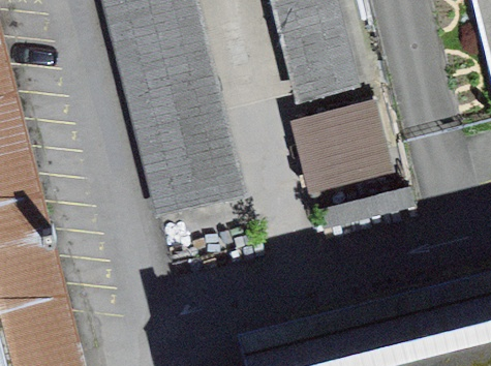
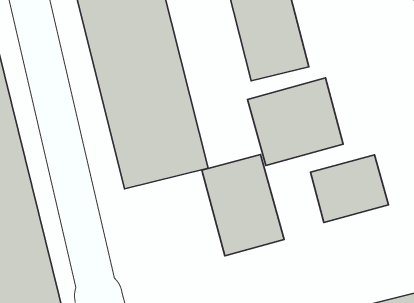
building: none -> [202,155,284,256]
building: none -> [311,155,388,222]

